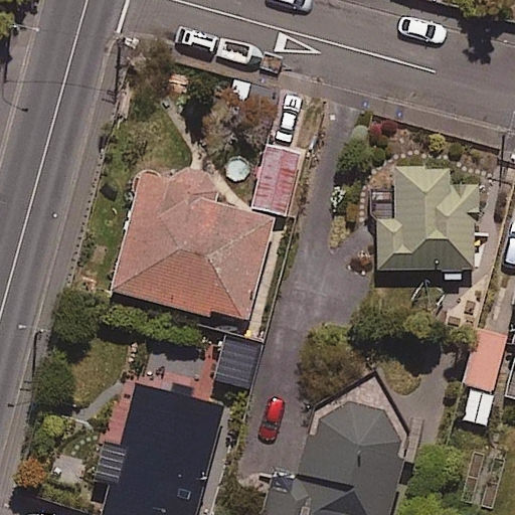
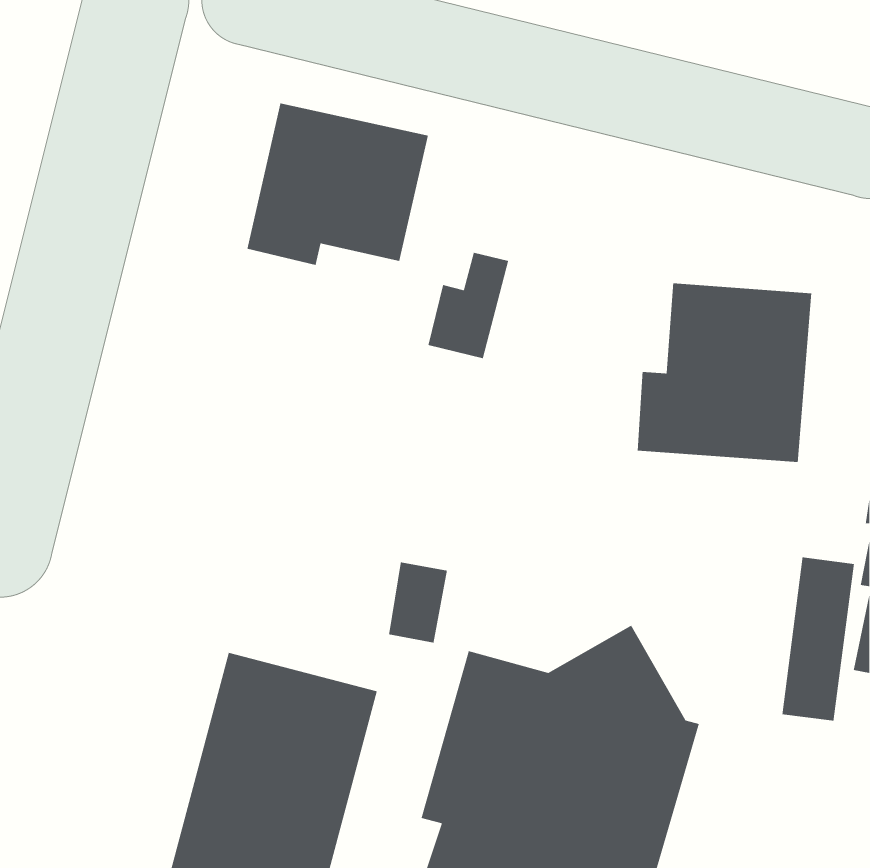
building: none -> [247,102,429,266]
building: [113,182,272,323] -> none

